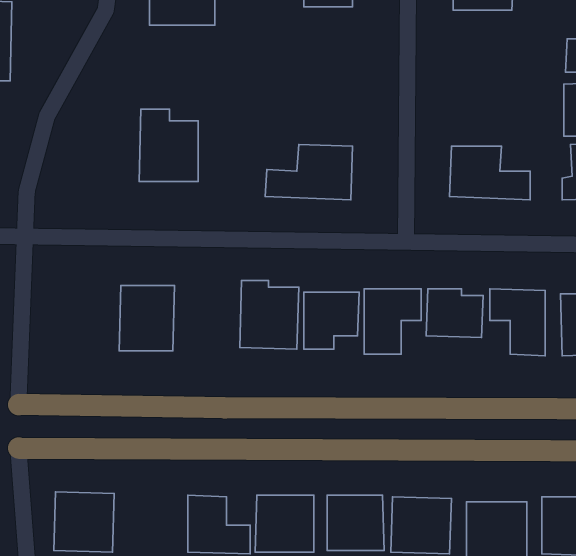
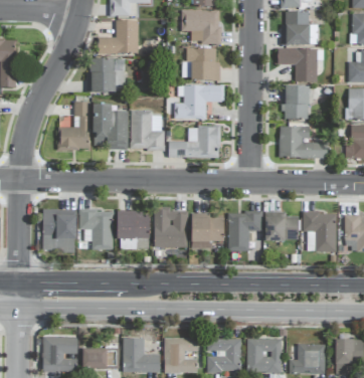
building: none -> [181,48,219,80]
building: none -> [277,49,323,82]
building: none -> [86,58,124,93]
building: none -> [174,85,224,119]
building: none -> [282,86,309,120]
building: none -> [57,102,89,150]
building: none -> [131,111,163,150]
building: none -> [42,209,75,251]
building: none -> [117,212,149,249]
building: none -> [80,346,106,364]

